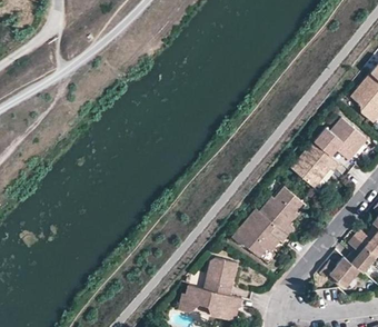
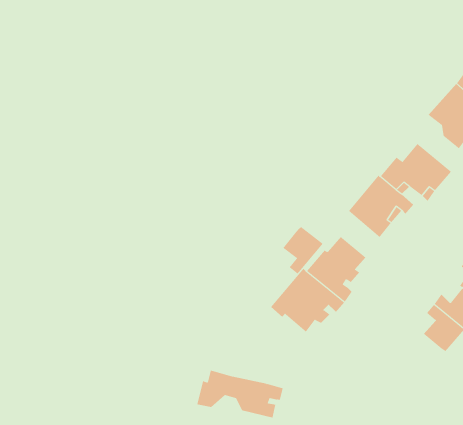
building: none -> [283,226,323,275]
building: [319,256,359,286] -> none
building: [205,257,238,295] -> none

